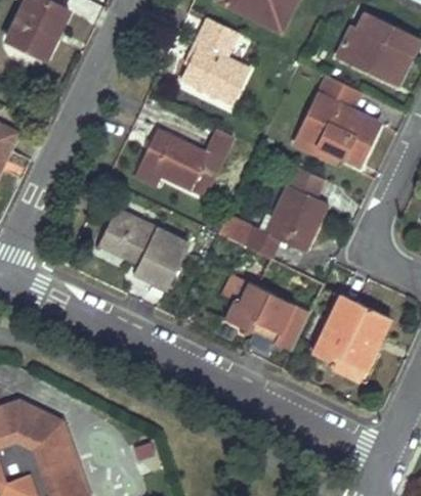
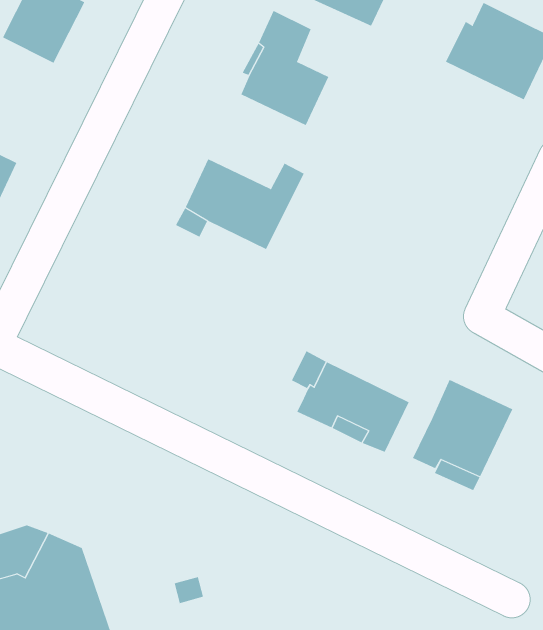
building: [295,76,378,165] -> none
building: [218,166,329,259] -> none
building: [100,211,188,287] -> none

